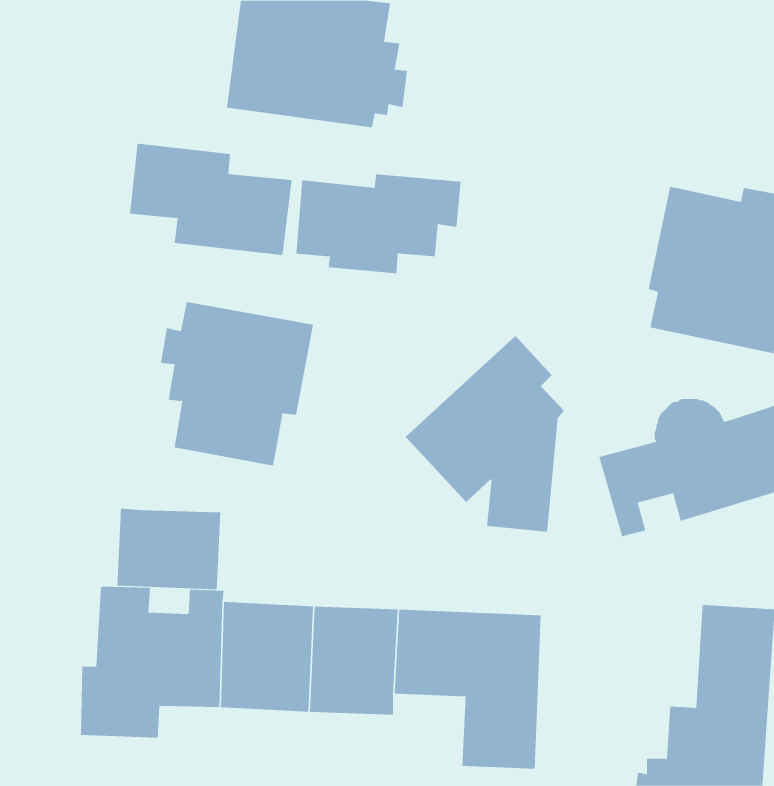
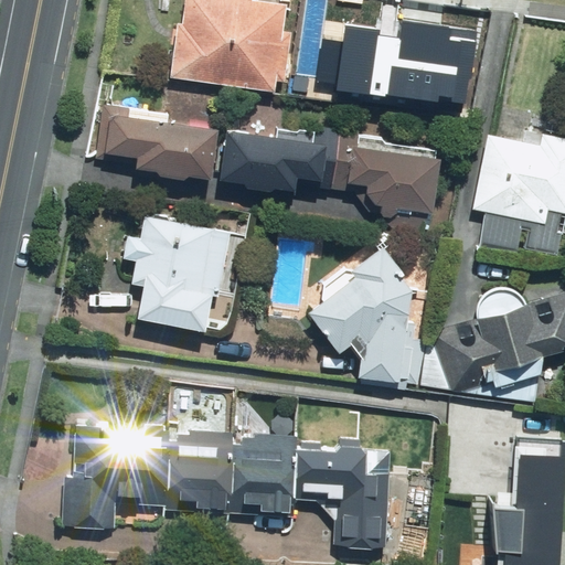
building: none -> [322,20,486,110]
building: none -> [334,128,447,221]
building: [117,508,221,590] -> none

